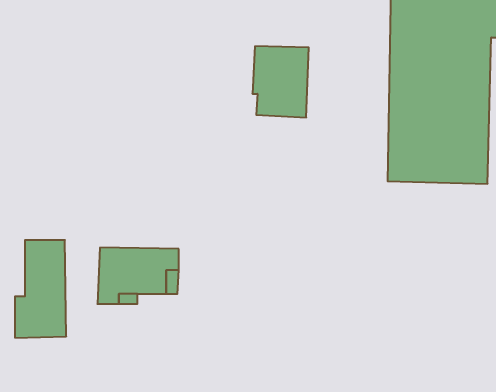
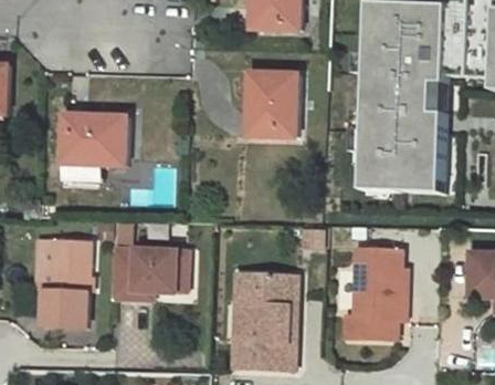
building: none -> [60,112,123,163]
building: none -> [344,248,404,337]
building: none -> [231,271,293,366]

